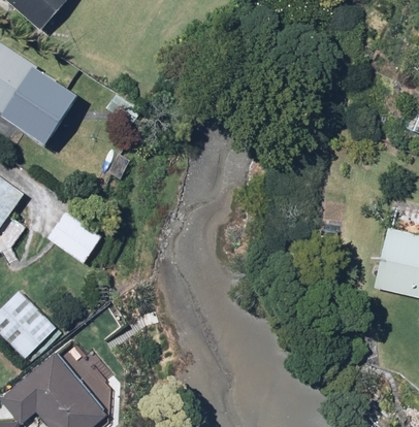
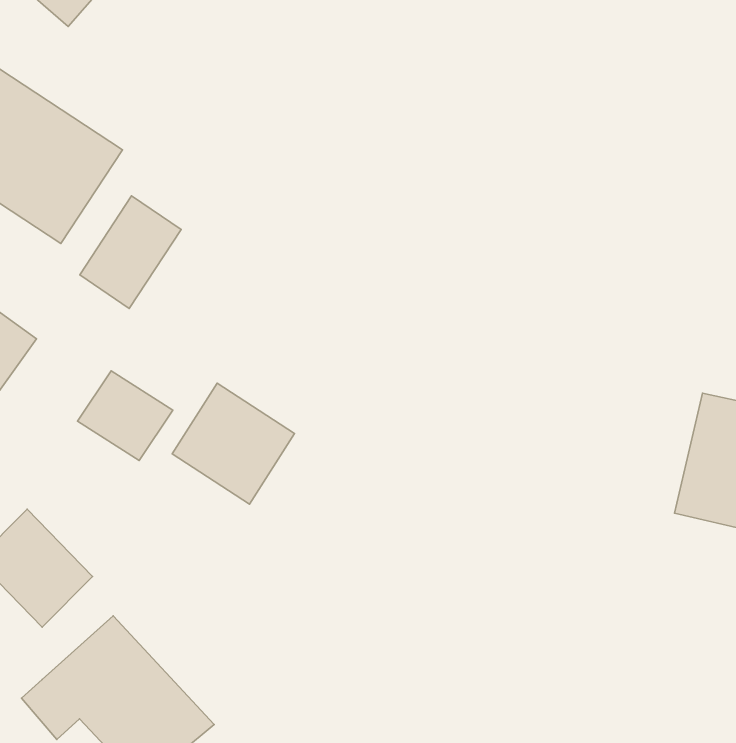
building: none -> [80,196,181,309]
building: none -> [172,383,295,504]

